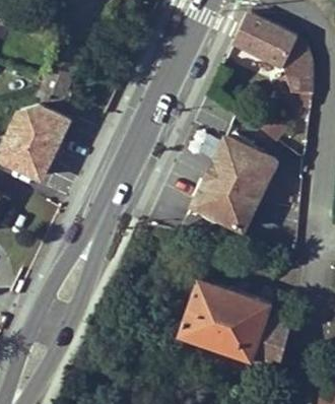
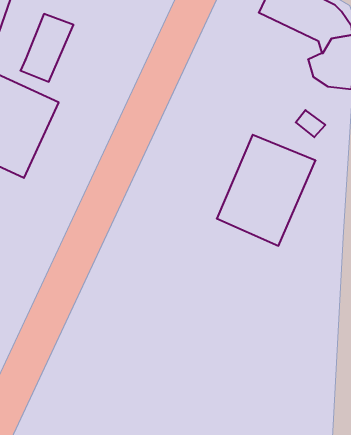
building: [179,278,291,367] -> none

